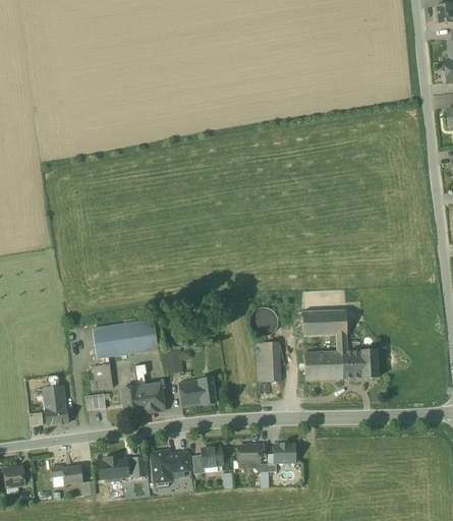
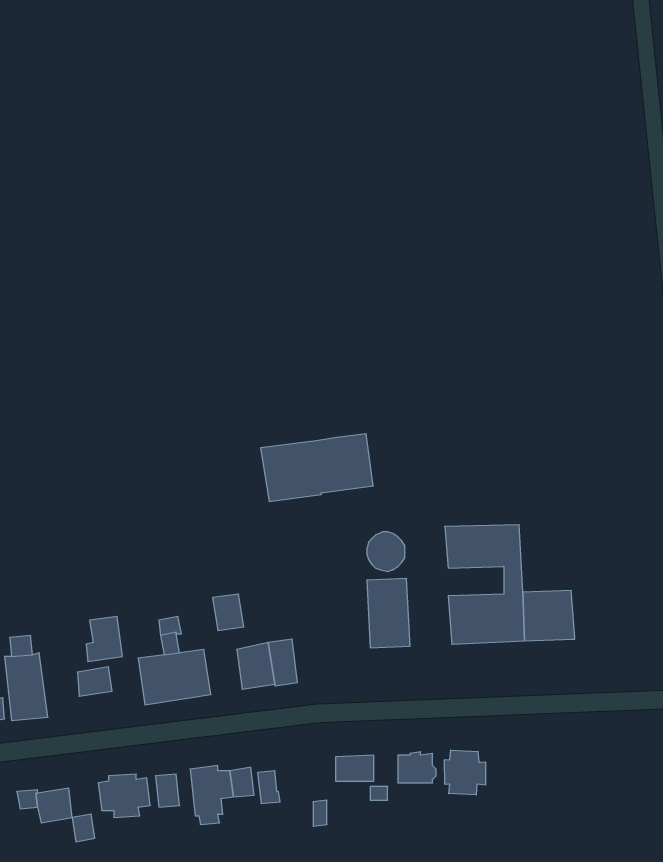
building: [93,319,159,358] -> [261,434,373,501]
building: none -> [445,750,485,795]
building: [203,446,225,466] -> none

